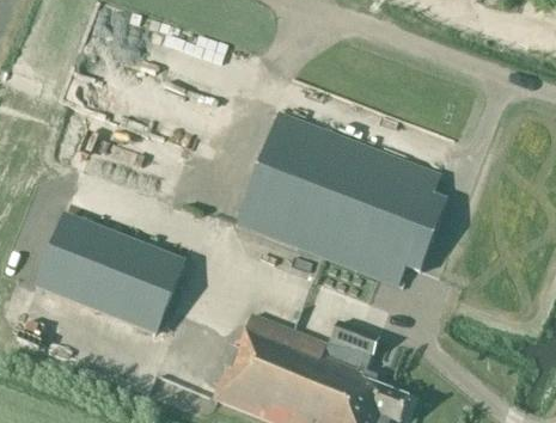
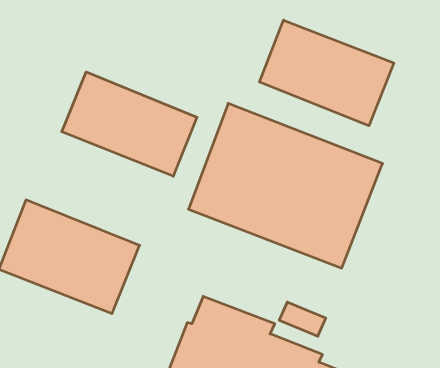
building: none -> [259,20,394,126]
building: none -> [62,72,197,176]

